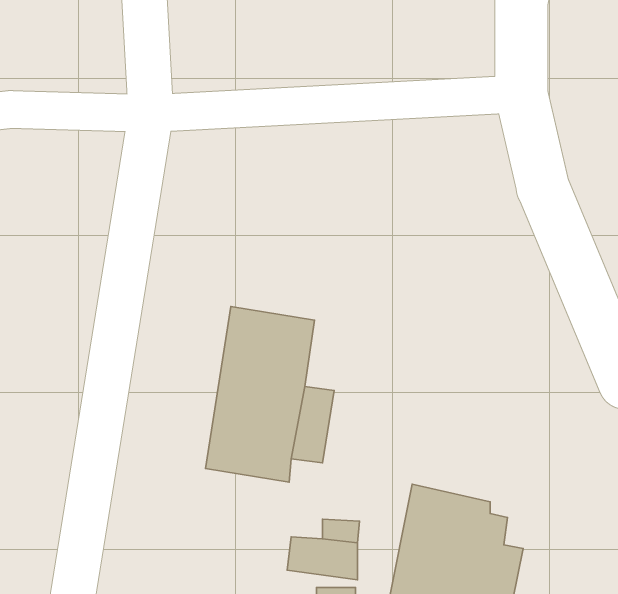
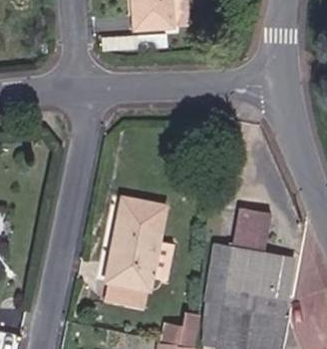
building: none -> [216,212,274,303]
building: none -> [106,278,152,305]

